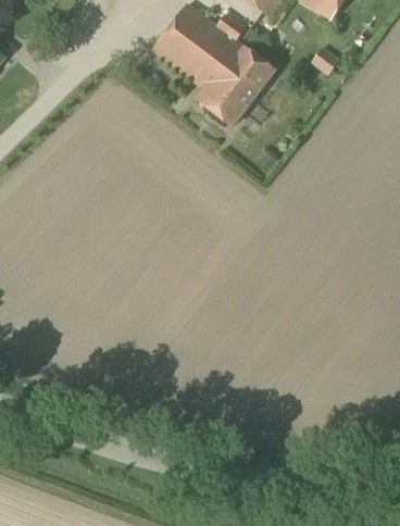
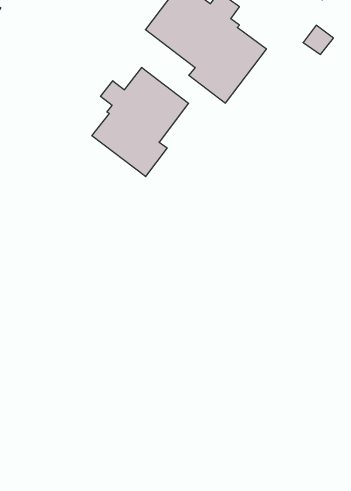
building: none -> [92,67,189,177]

